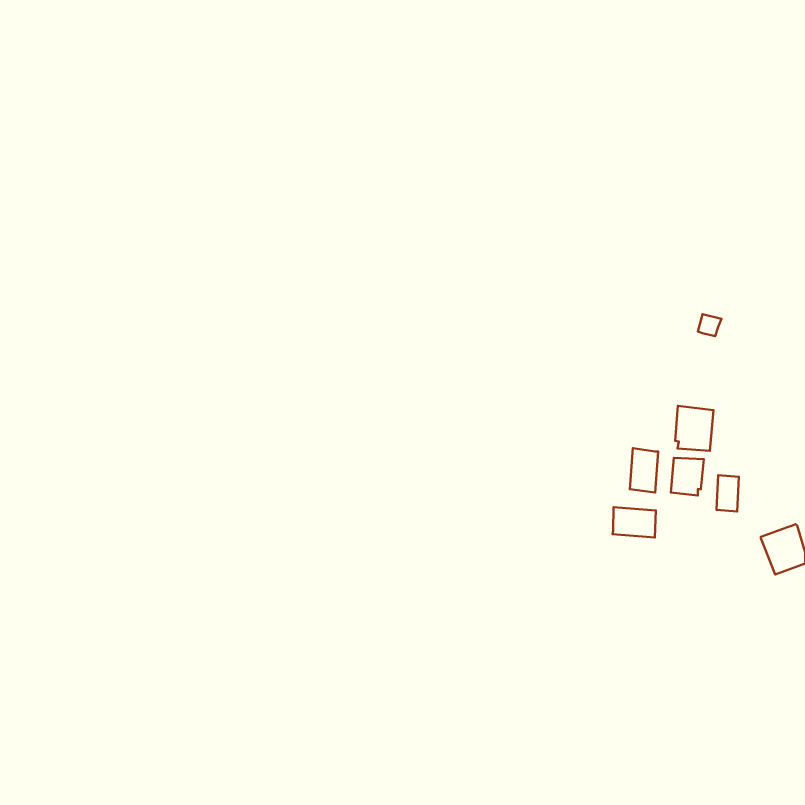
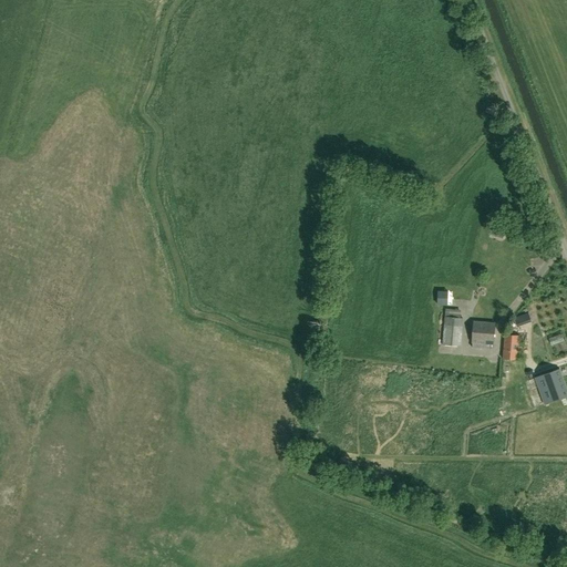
building: [675,406,713,451] -> none
building: [613,507,656,537] -> none

